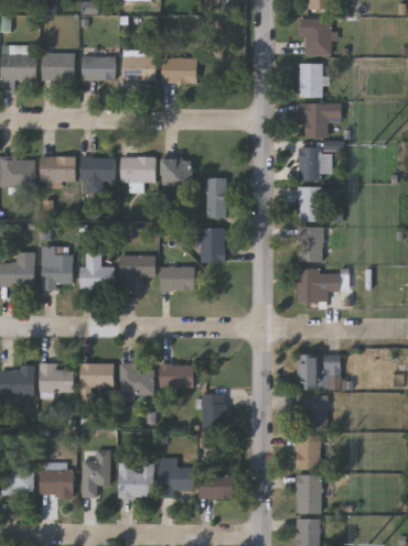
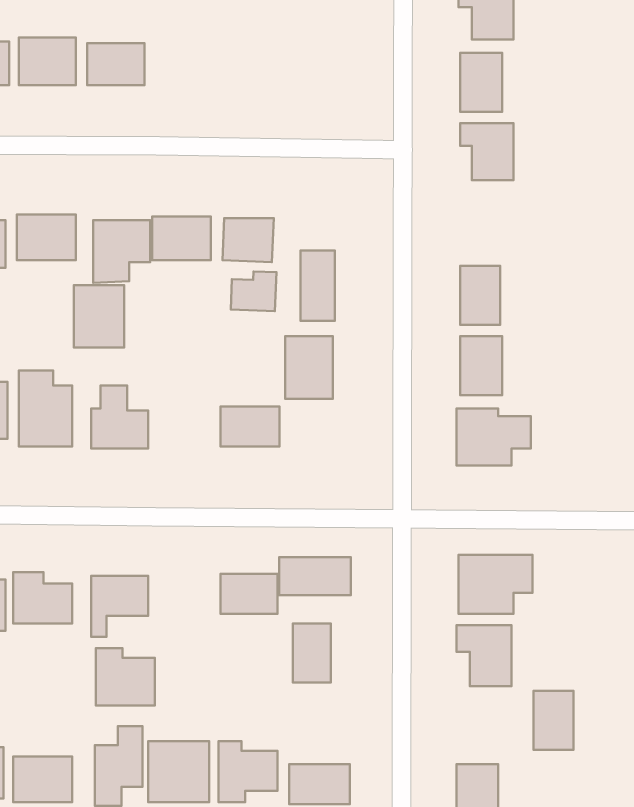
building: [120,57,155,80] -> none
building: [160,58,195,83] -> none
building: [298,146,331,178] -> none
building: none -> [231,271,276,311]
building: none -> [74,285,124,347]
building: [119,255,153,291] -> none
building: none -> [279,557,351,595]
building: [119,363,153,396] -> [96,648,155,705]
building: [296,435,319,469] -> [533,691,573,750]

